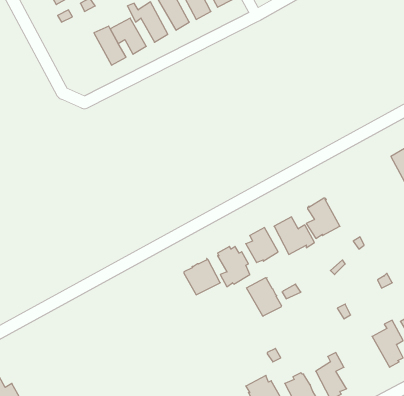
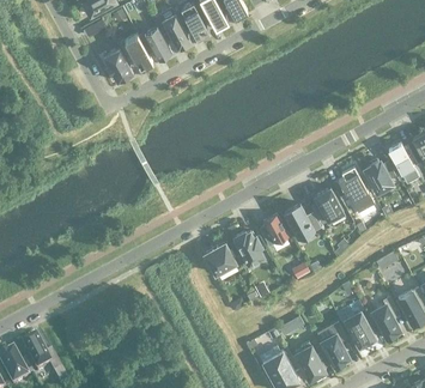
building: none -> [99,42,132,83]
building: none -> [364,159,394,193]
building: none -> [338,168,374,213]
building: [247,278,281,316] -> none
building: none -> [344,311,375,347]

